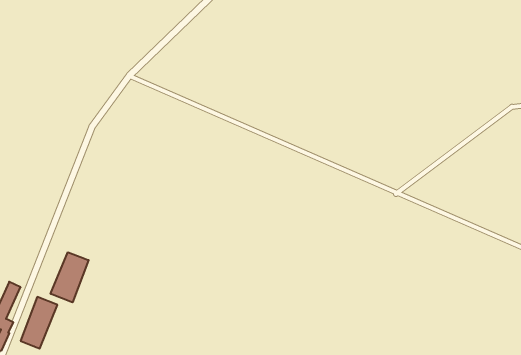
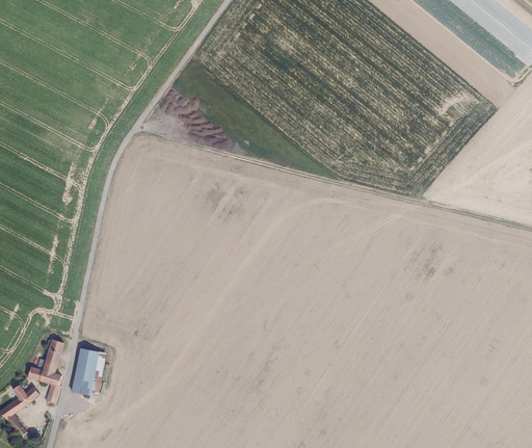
building: [51,252,89,302] -> none

